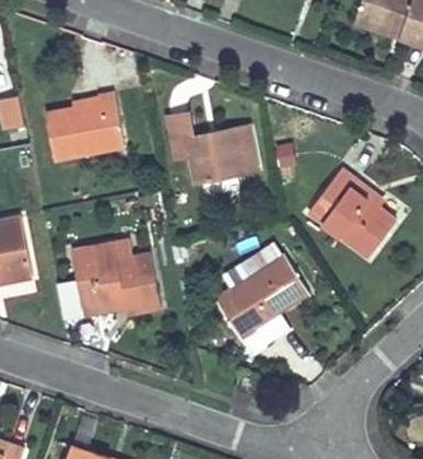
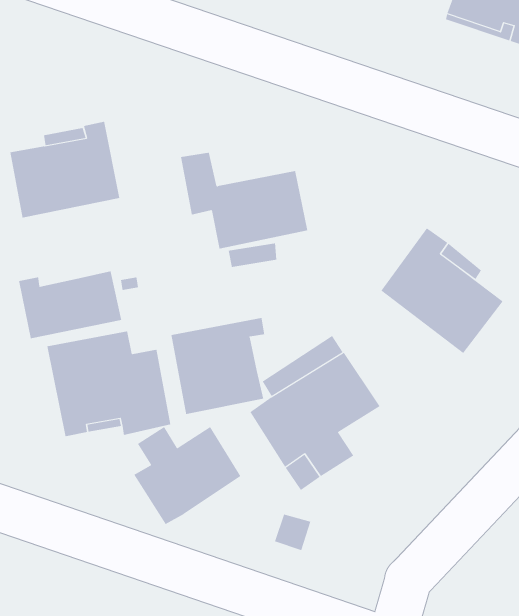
building: none -> [18,270,122,339]
building: none -> [171,317,265,415]
building: none -> [134,426,242,525]

